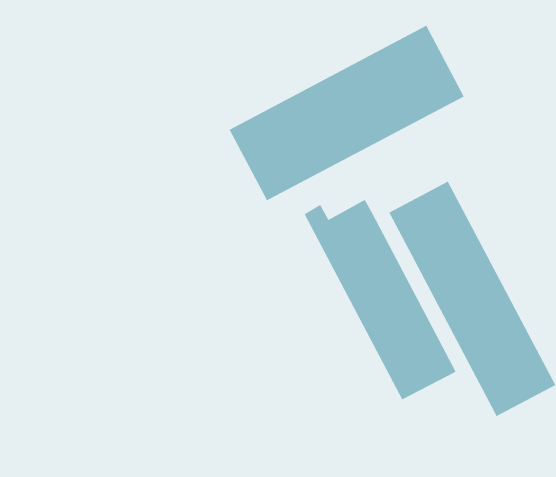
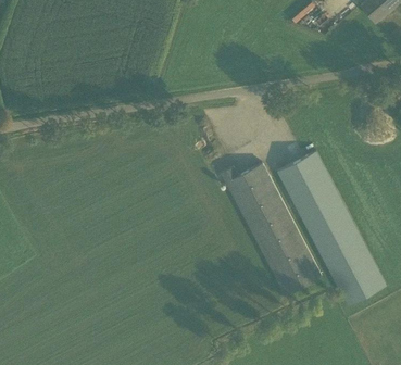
building: [229,25,465,201] -> none

